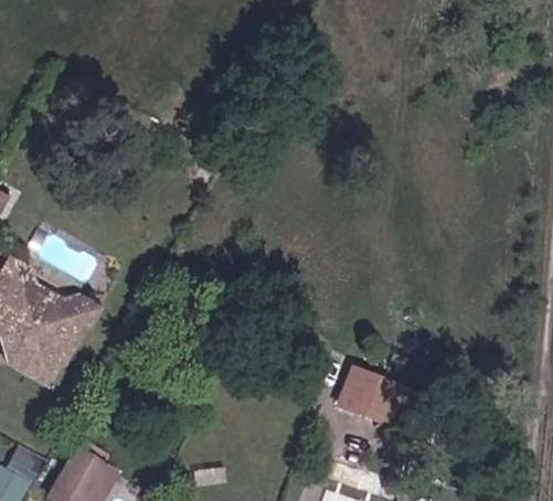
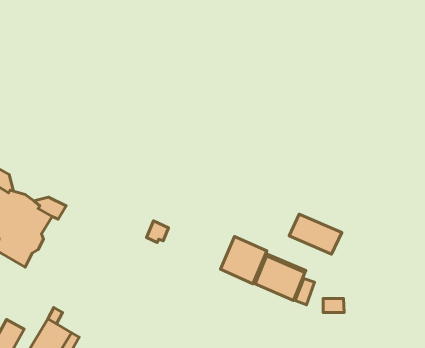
building: none -> [289,214,342,254]
building: none -> [220,236,267,284]

